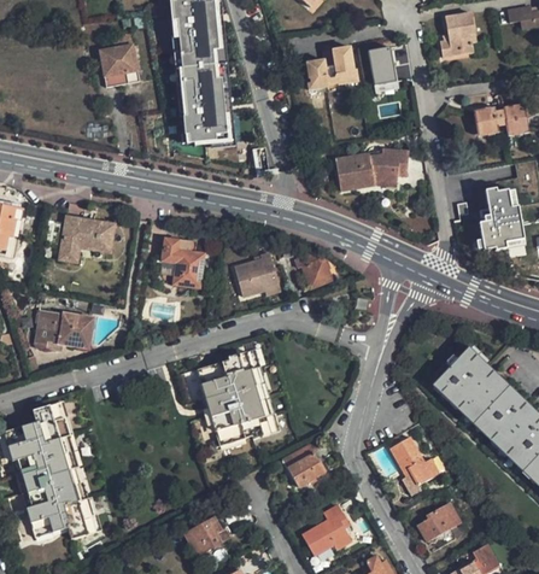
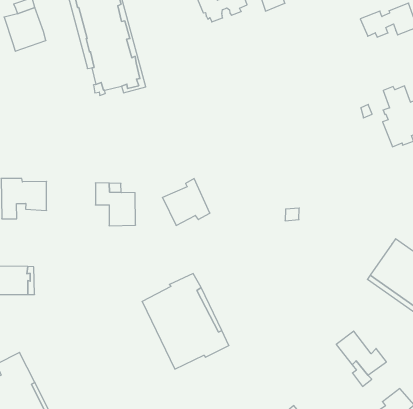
building: [334,150,406,191] -> none
building: [293,252,330,288] -> none
building: [287,450,326,486] -> none

